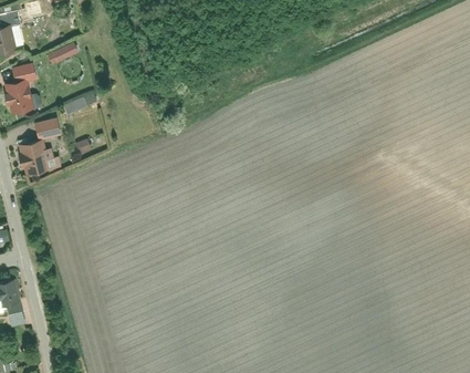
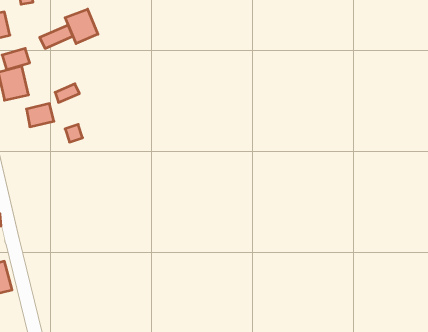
building: none -> [65,9,98,44]
building: [19,142,51,177] -> none

